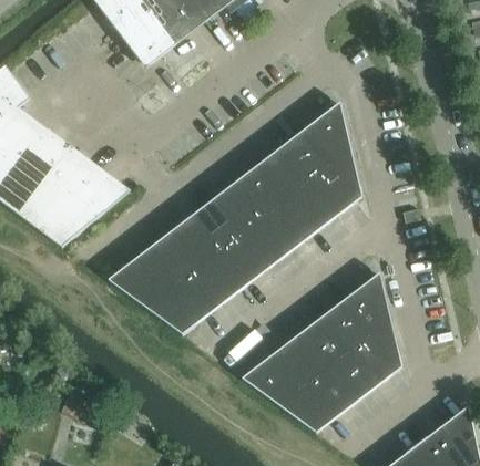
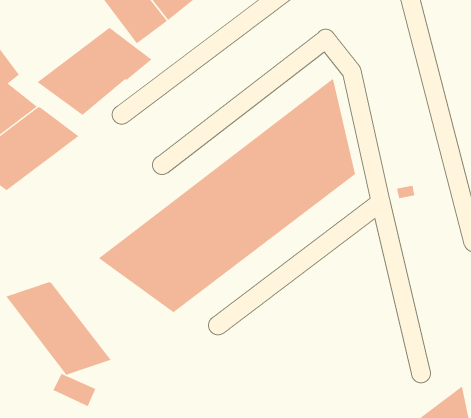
building: [17,158,131,246] -> [37,27,152,116]
building: [242,271,402,432] -> none
building: none -> [5,281,111,376]

